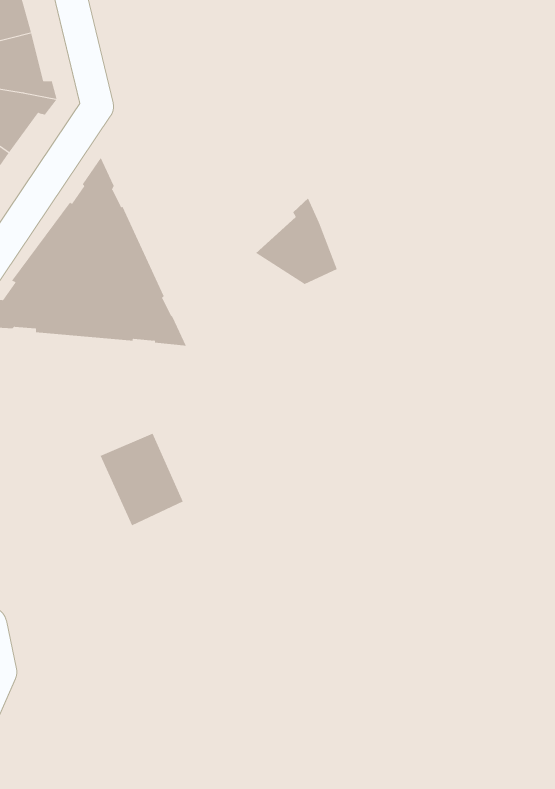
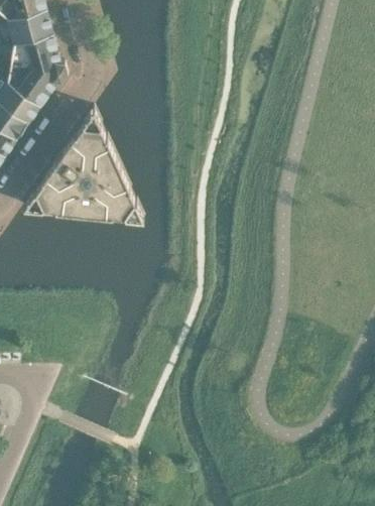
building: [255,198,338,285] -> none
building: [100,433,183,526] -> none

